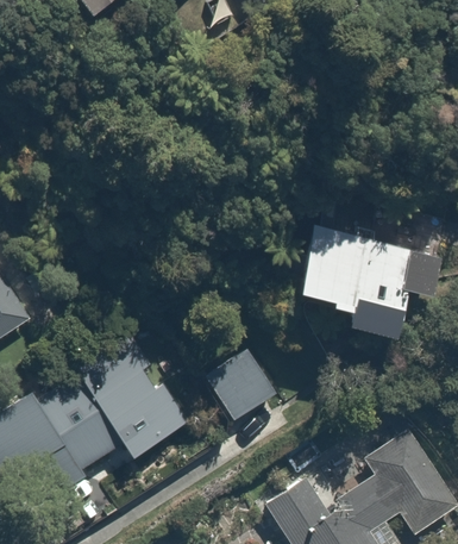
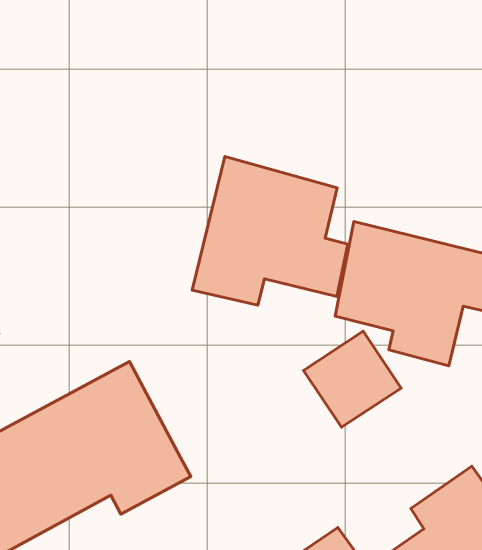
building: none -> [192,157,348,305]
building: [202,340,282,419] -> [303,331,401,427]

